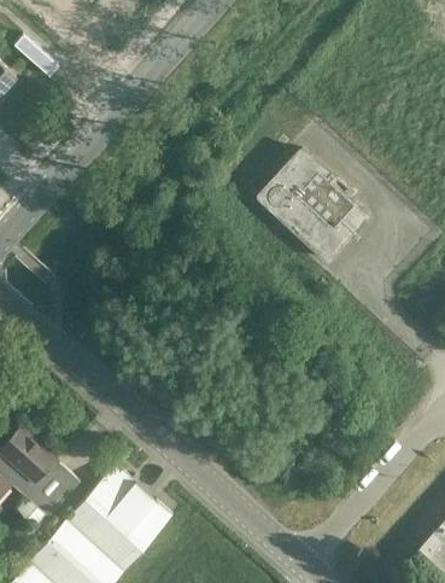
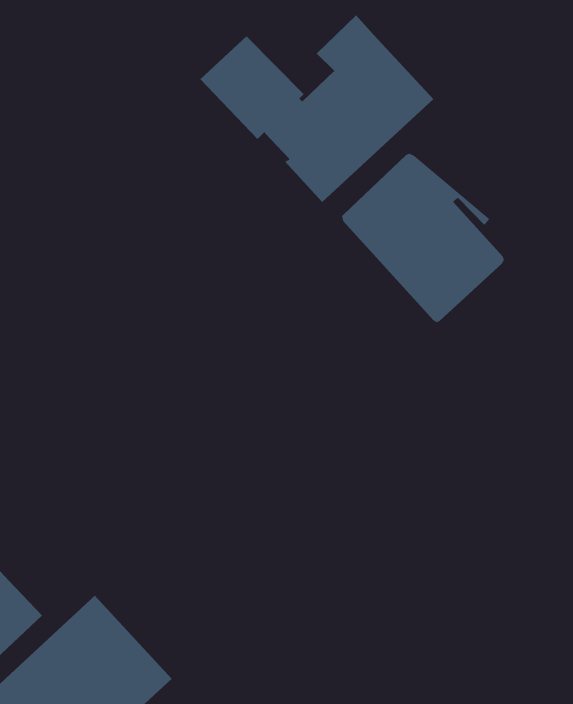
building: none -> [199,15,434,203]

